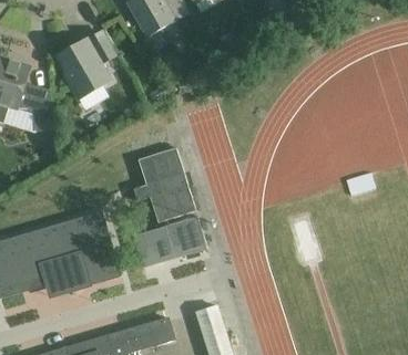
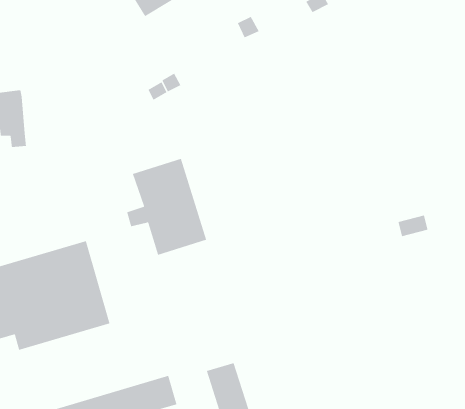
building: [58,33,115,98] -> none
building: [134,216,207,269] -> none

